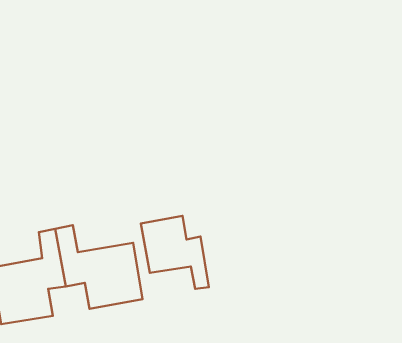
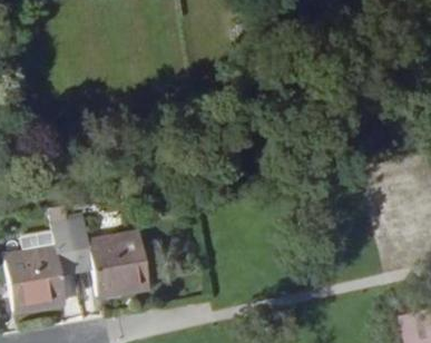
building: [141,216,209,289] -> none

